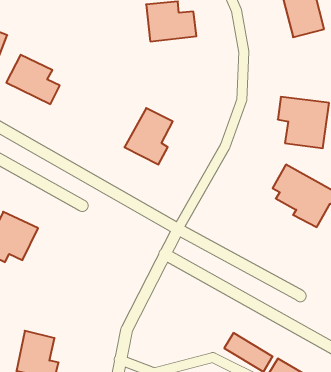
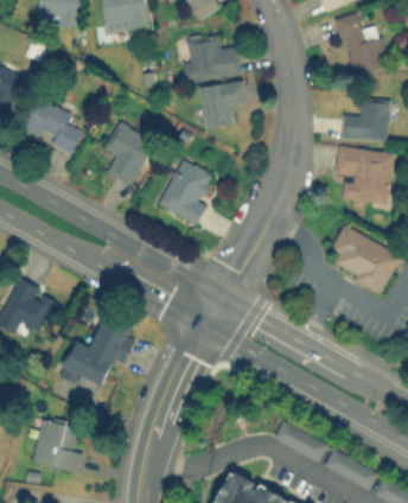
building: none -> [199,83,246,127]
building: none -> [340,100,389,141]
building: none -> [104,121,155,184]
building: none -> [59,317,135,386]

